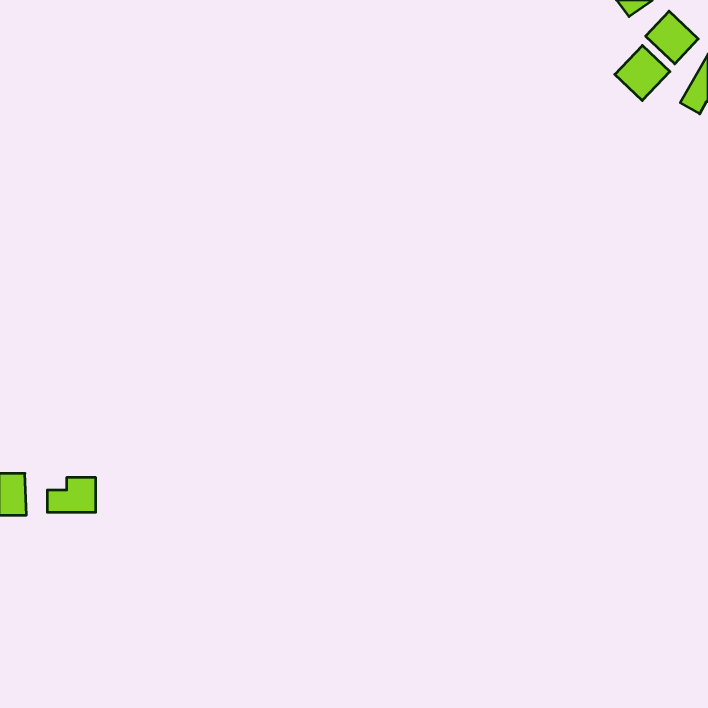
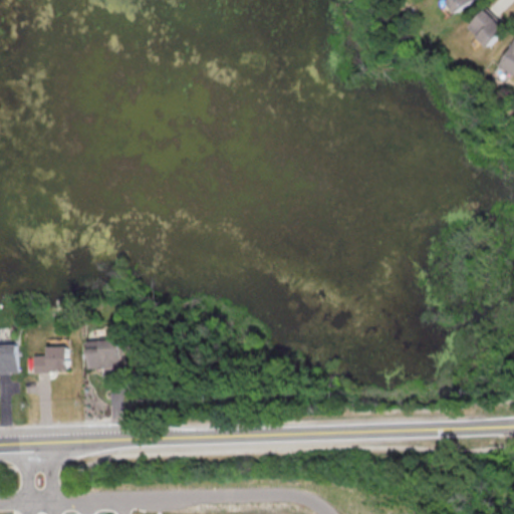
building: [615,45,670,101] -> none
building: none -> [86,339,120,369]

